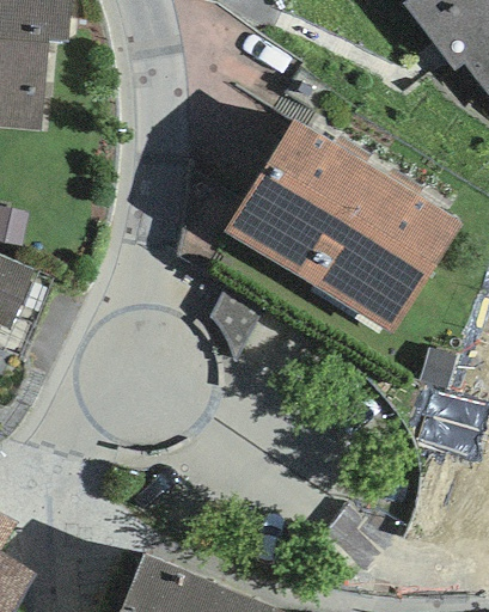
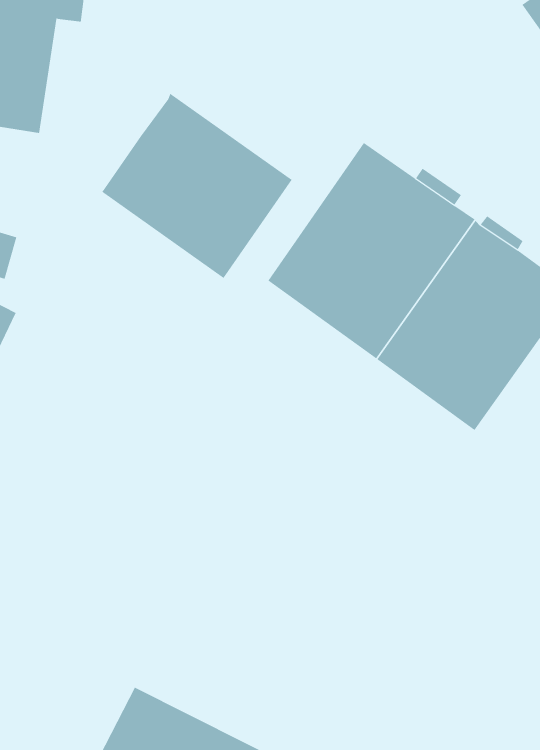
building: none -> [101,93,292,279]

